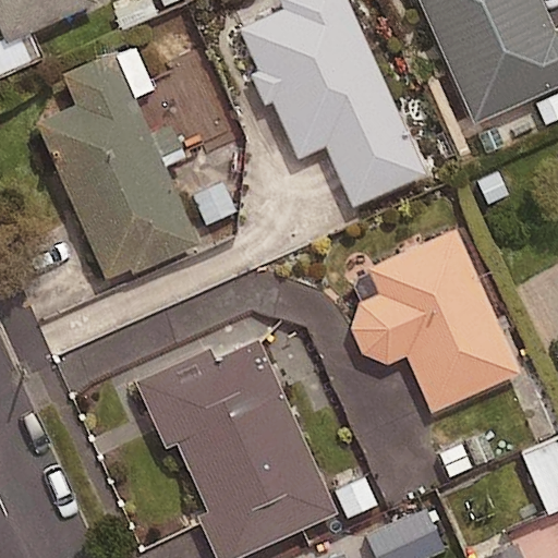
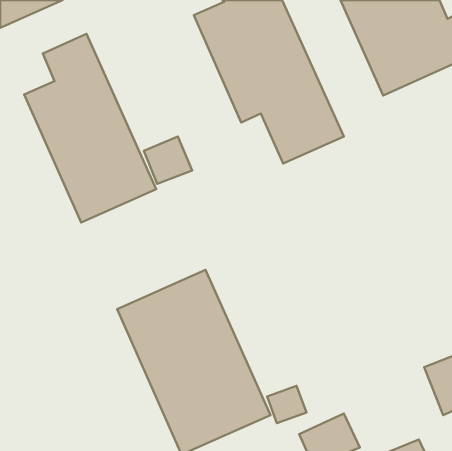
building: [350,227,520,413] -> none

